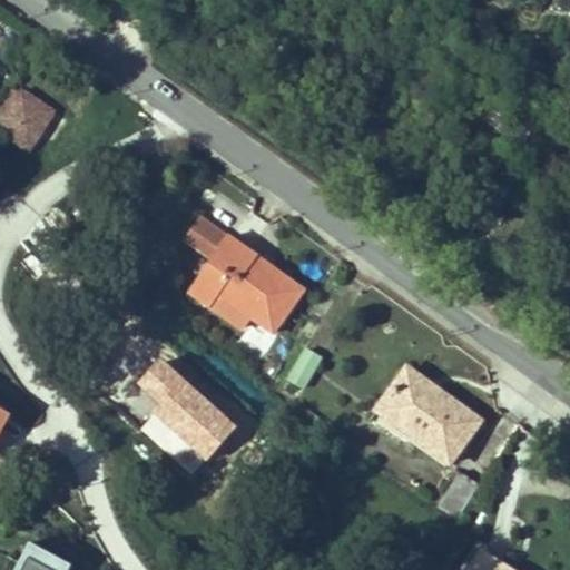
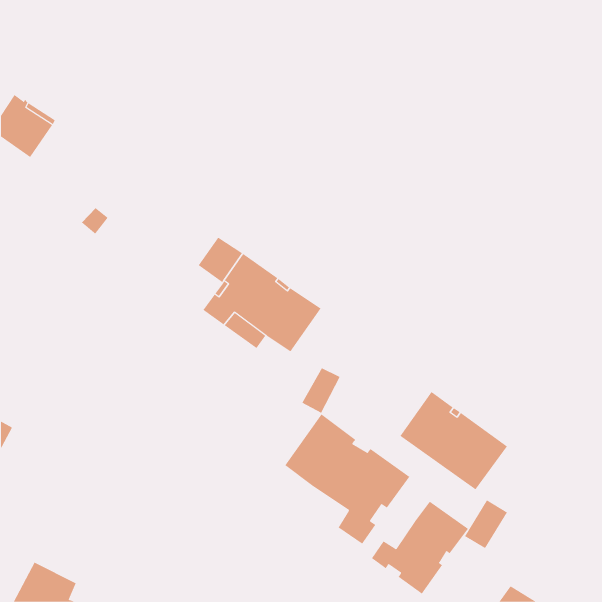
building: [131,355,236,472] -> none
building: none -> [285,414,410,544]
building: none -> [371,501,469,594]

